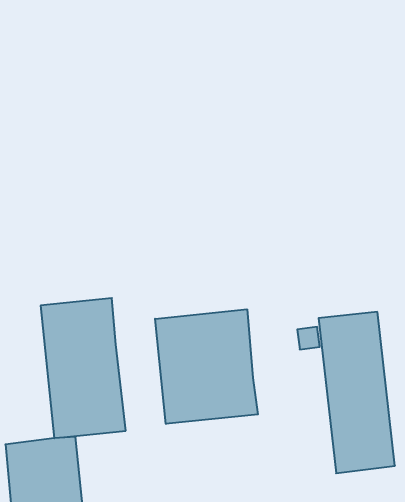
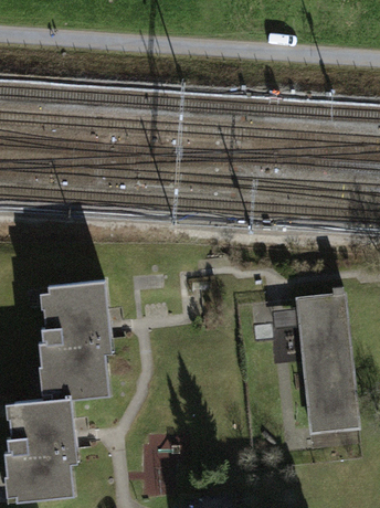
building: [155,309,258,424] -> none

